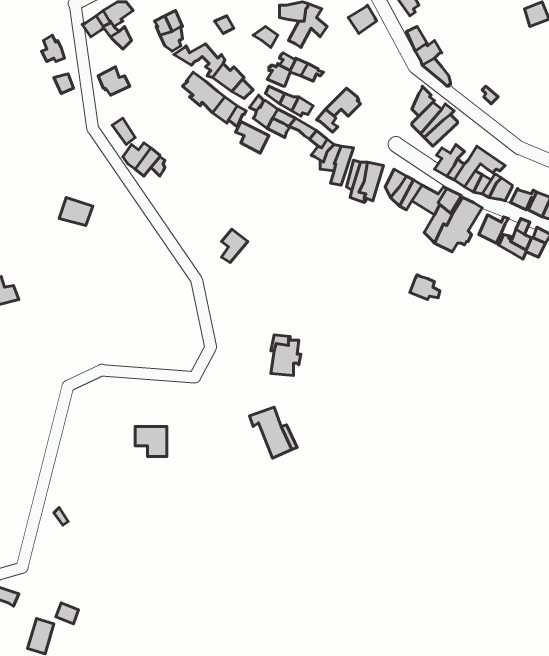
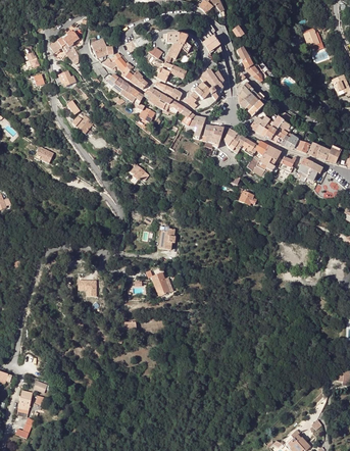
building: none -> [197,68,222,99]

